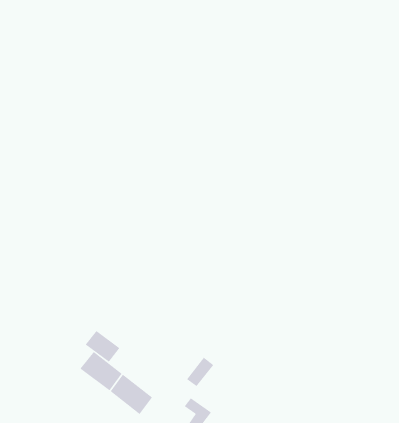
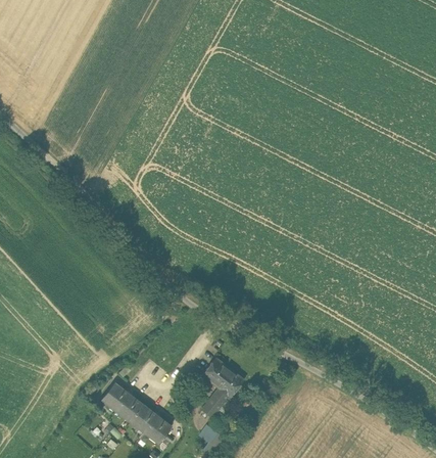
building: none -> [202,357,244,397]
building: [85,330,120,363] -> none

